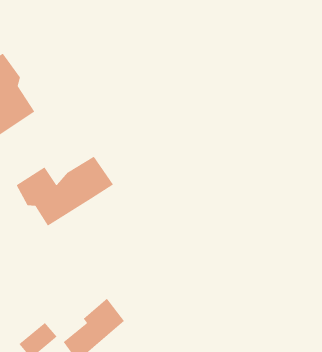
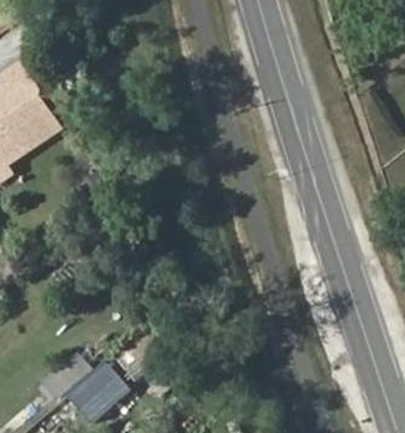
building: [16,156,114,227] -> none

